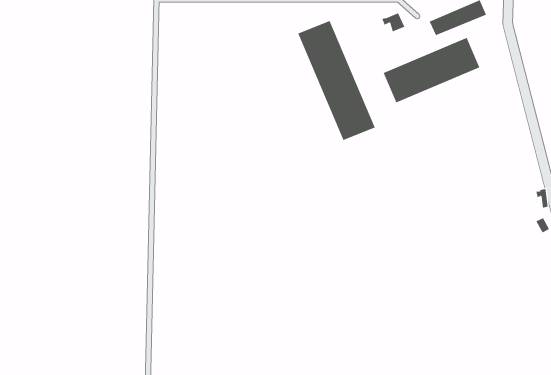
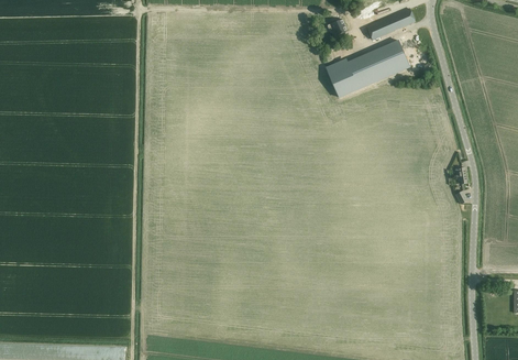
building: [298,20,375,141] -> none

